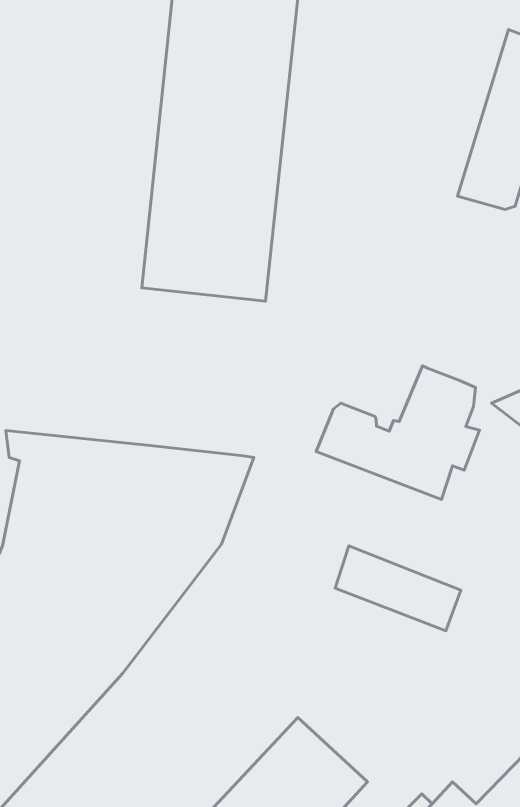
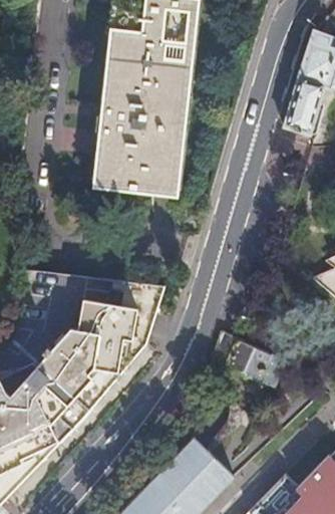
building: [316,366,479,500] -> none

